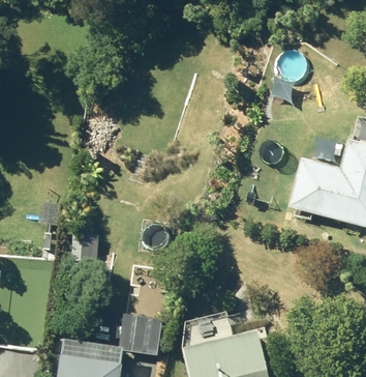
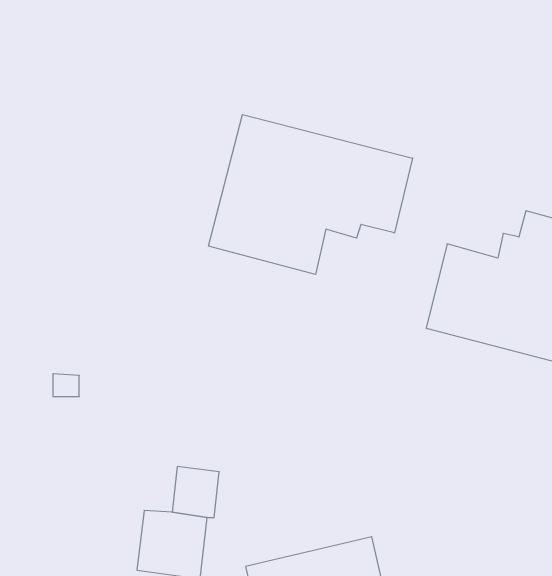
building: none -> [209,115,413,274]

